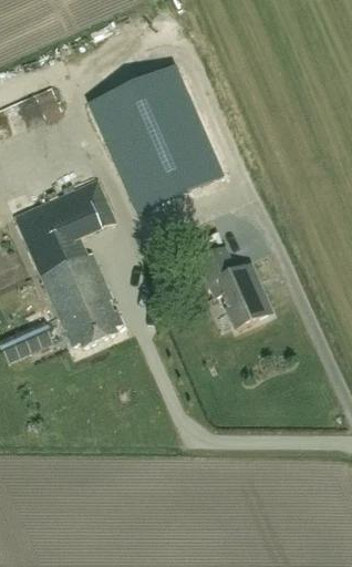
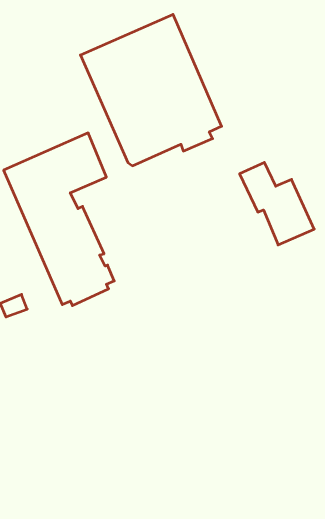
building: [196,246,269,327] -> [240,162,314,245]

